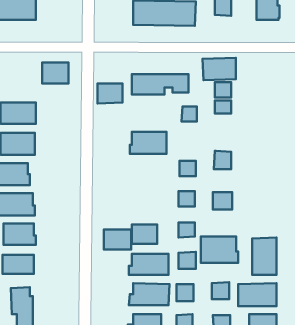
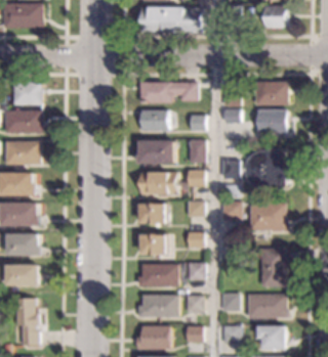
building: [202,58,236,80] -> [255,82,289,104]
building: [42,62,69,84] -> [14,82,41,103]
building: [97,83,123,104] -> [141,109,167,130]
building: none -> [258,109,288,133]
building: none -> [189,139,205,162]
building: none -> [244,150,289,188]
building: none -> [139,172,176,193]
building: [104,229,131,250] -> [138,203,166,223]
building: [201,237,238,263] -> [250,203,288,229]

